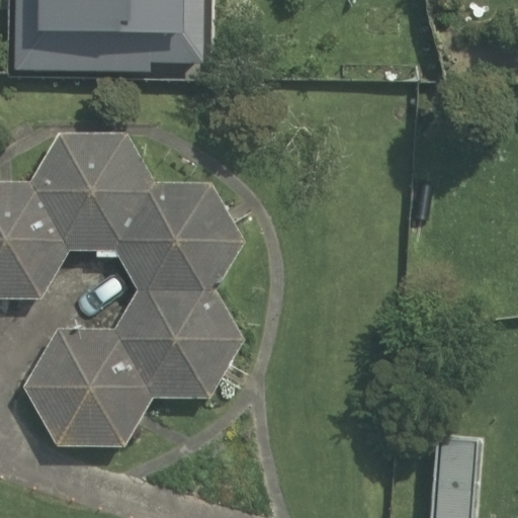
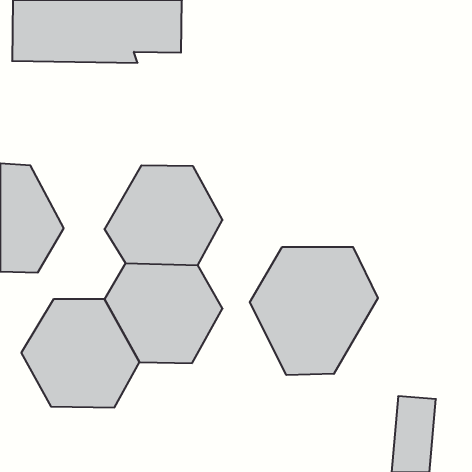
building: [33,133,155,251] -> none
building: none -> [250,247,378,375]

